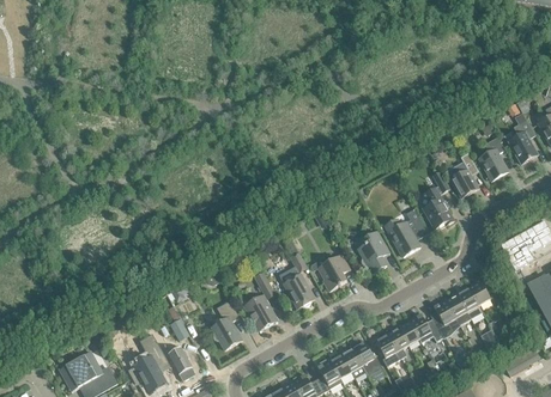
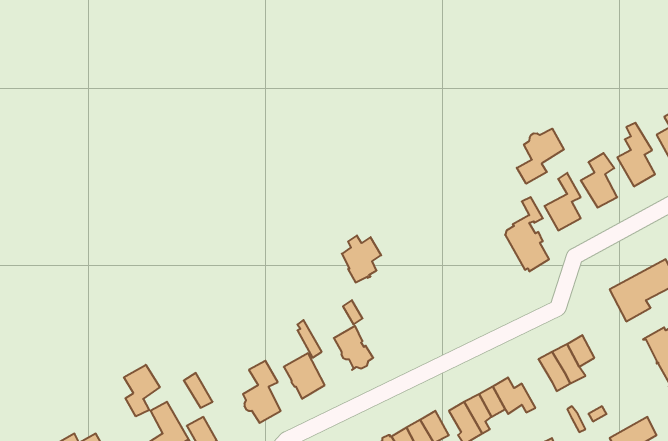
building: none -> [517,129,564,184]
building: [386,209,429,257] -> none
building: [358,232,387,274] -> none
building: [319,254,350,291] -> [342,235,381,282]
building: [432,300,460,338] -> none
building: none -> [124,365,160,416]

